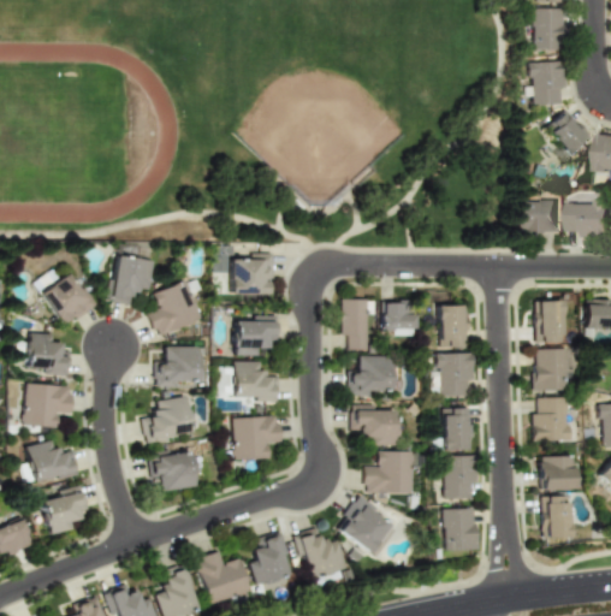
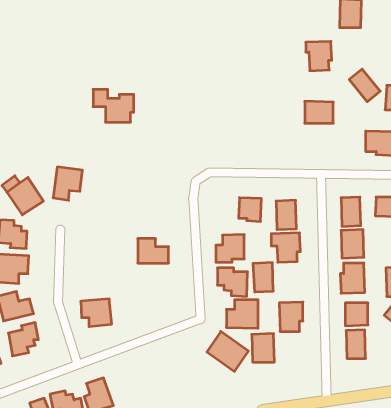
building: [528,63,566,106] -> [306,41,332,71]
building: [520,201,562,233] -> [305,101,333,123]
building: [215,247,275,295] -> [93,89,134,122]
building: [149,280,202,337] -> none
building: [344,300,369,351] -> none
building: [236,316,280,357] -> none
building: [156,348,198,387] -> none
building: [143,398,191,442] -> none
building: [443,408,473,451] -> [253,263,273,292]
building: [233,416,281,461] -> none
building: [444,509,477,551] -> [252,334,274,362]
building: [297,529,345,579] -> none
building: [249,533,289,585] -> none
building: [196,552,251,605] -> none

